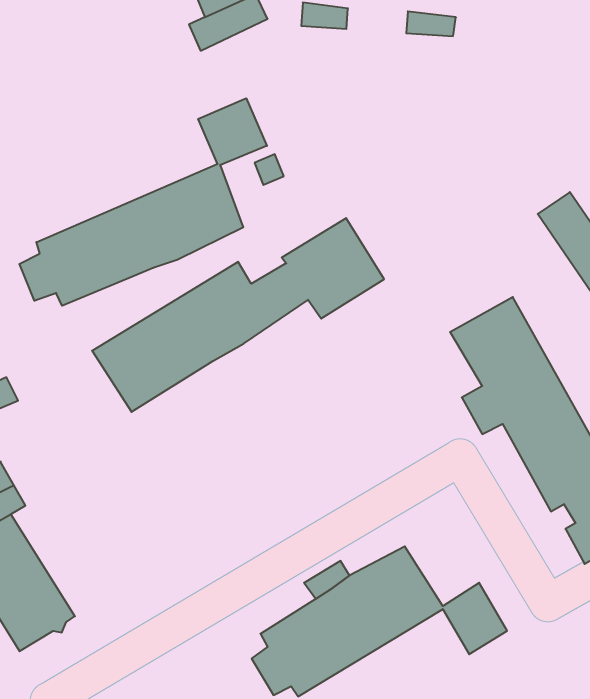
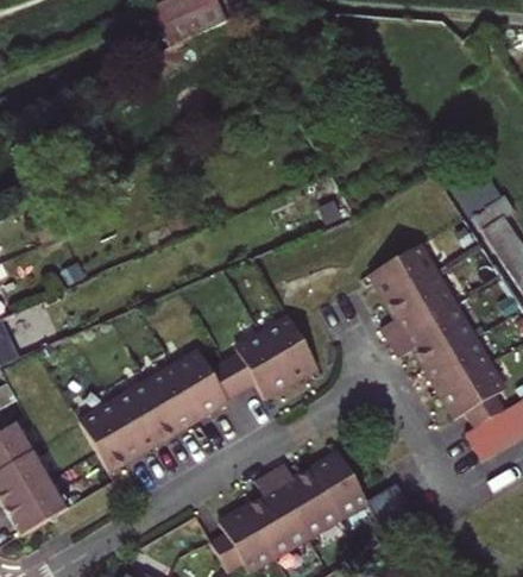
building: [19,98,267,306] -> none
building: [92,218,384,412] -> [77,315,315,473]

